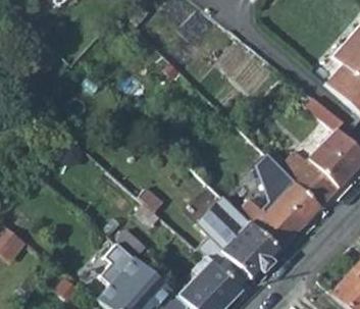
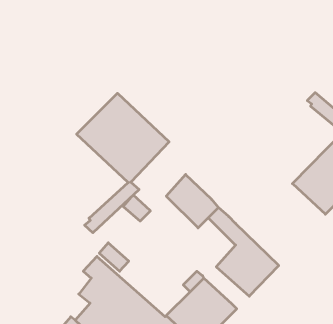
building: none -> [77,93,169,233]
building: [240,148,321,250] -> none

